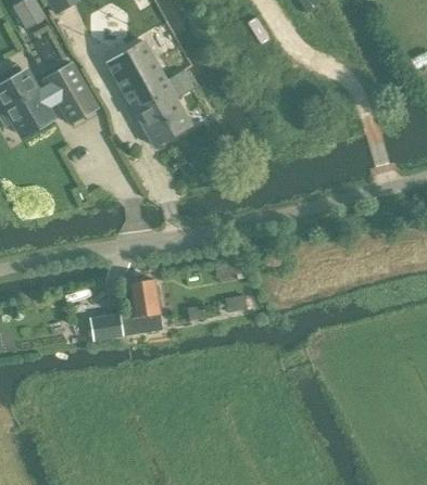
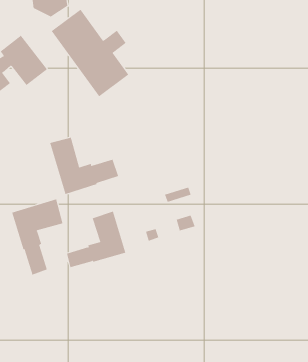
building: none -> [50,137,119,195]
building: none -> [11,199,63,275]

